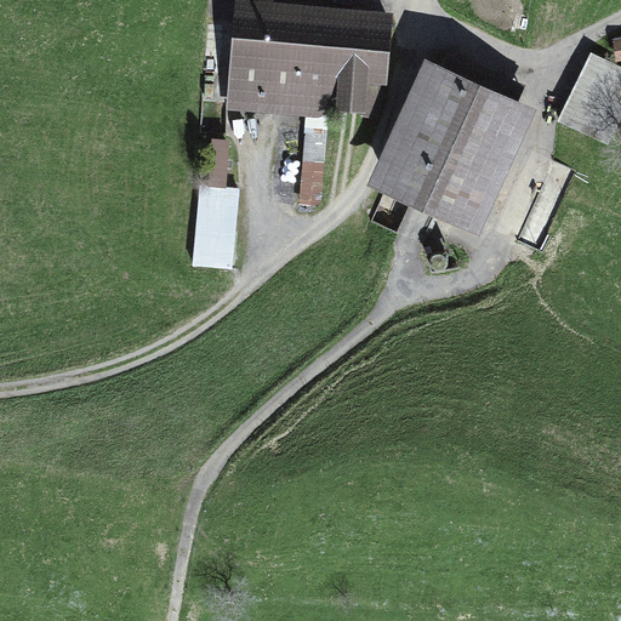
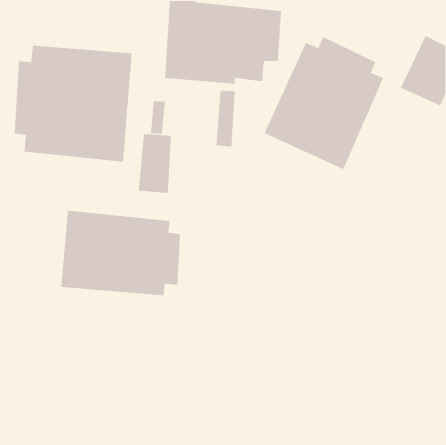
building: none -> [14,45,133,162]
building: none -> [61,210,181,296]

